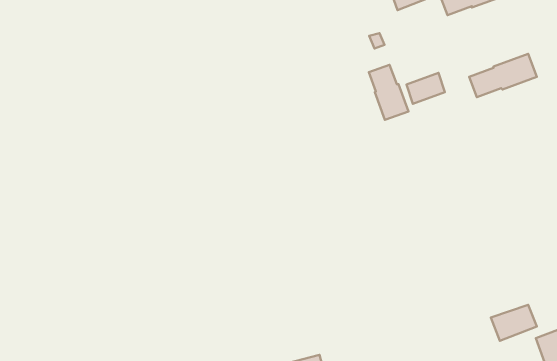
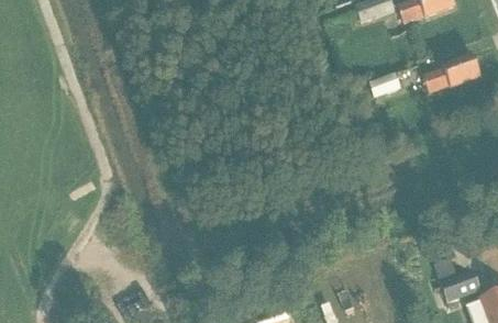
building: [369,65,408,120] -> none

